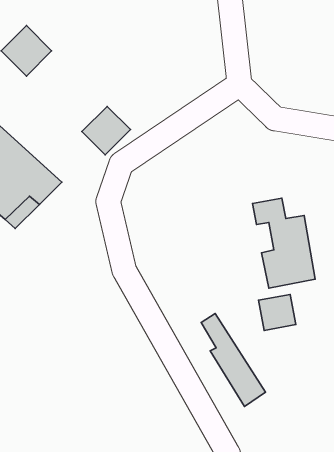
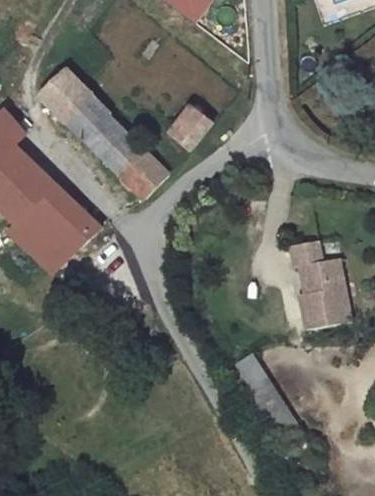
building: none -> [64,93,144,173]
building: none -> [171,105,211,146]
building: [258,294,296,330] -> none

